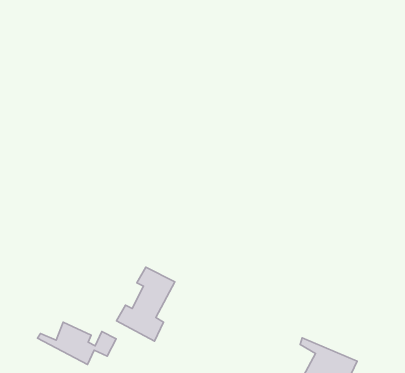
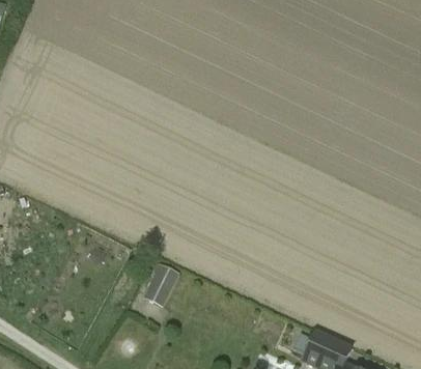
building: [38,322,116,365] -> none

